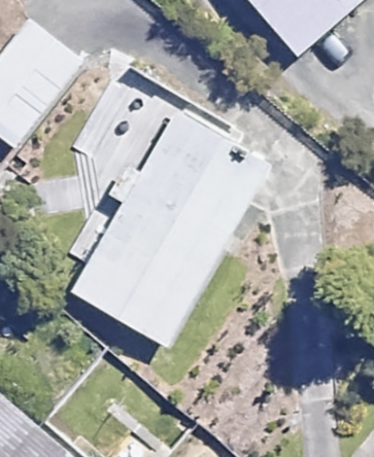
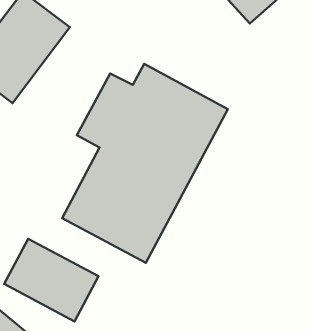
building: none -> [4,239,99,321]

